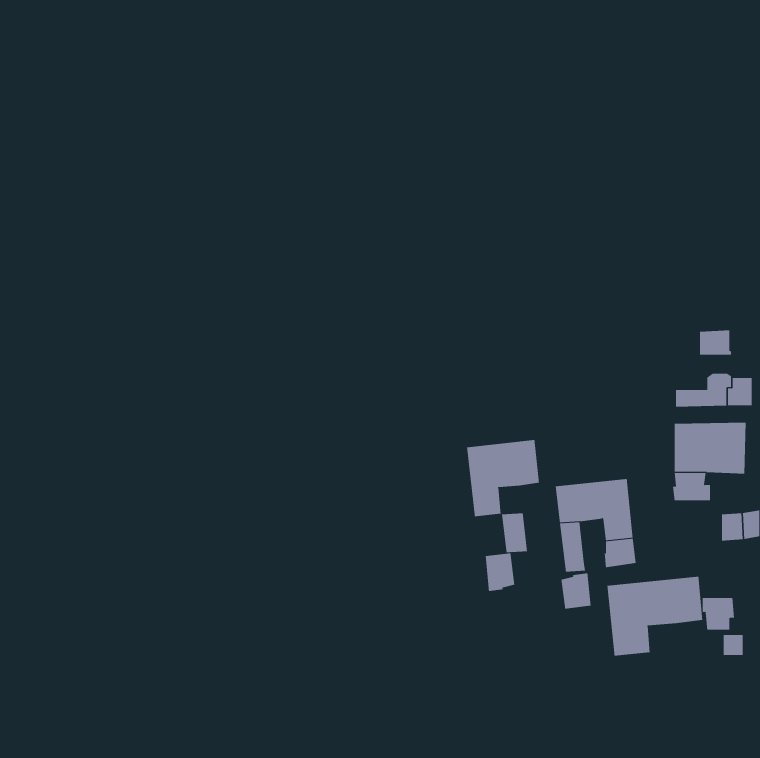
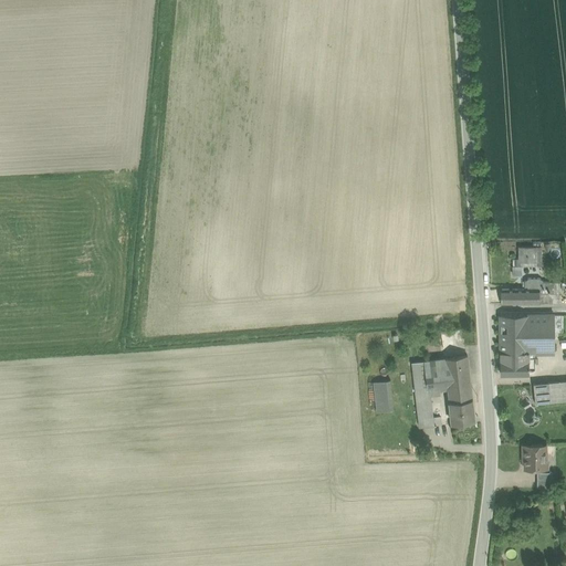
building: [466,439,539,517] -> none
building: [485,553,515,592] -> none
building: [561,572,591,609] -> none
building: [607,576,703,656] -> none

